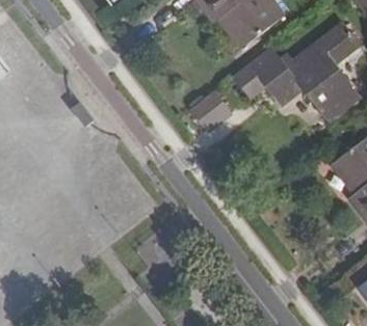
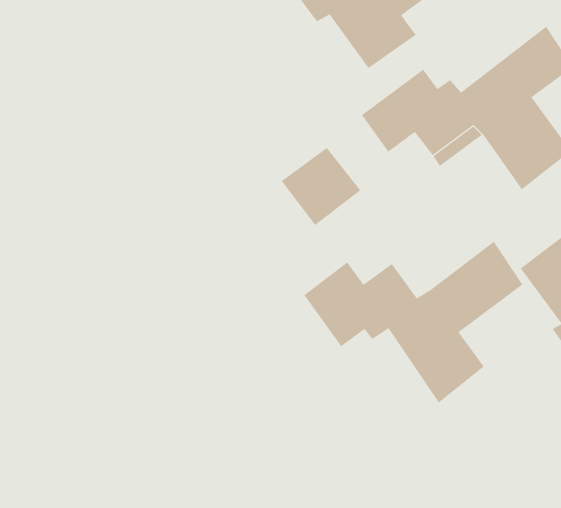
building: none -> [304,241,523,403]

